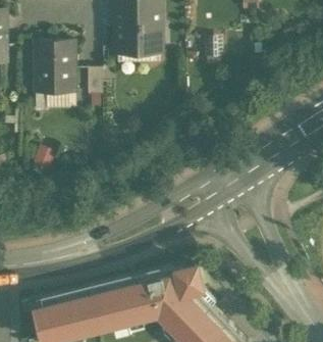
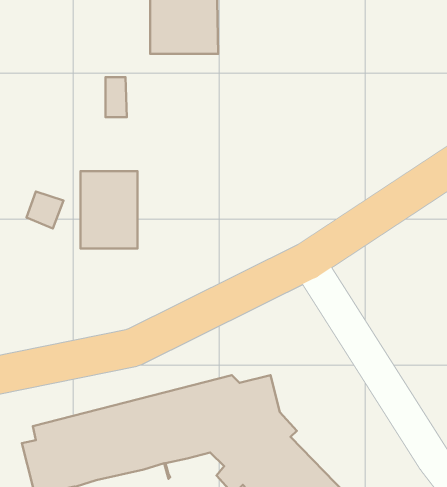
building: [36,43,73,94] -> [80,171,138,248]

